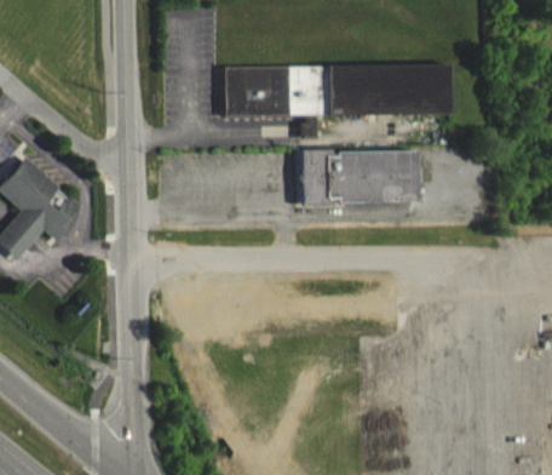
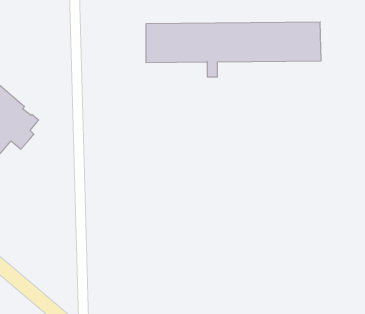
building: [295,150,412,207] -> none

